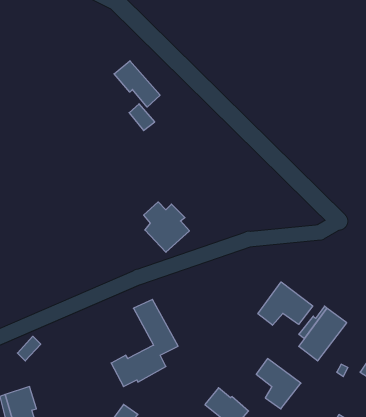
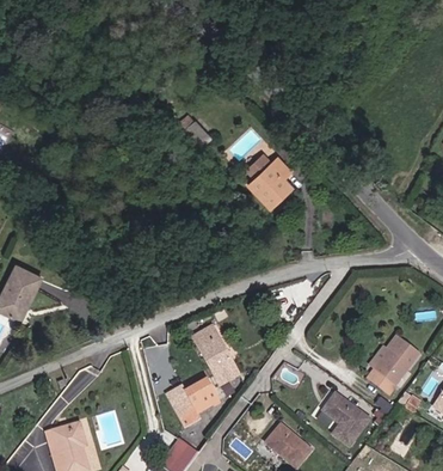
building: [114,61,160,107] -> none
building: [144,202,189,252] -> [246,157,295,210]
building: [258,282,313,325] -> none

